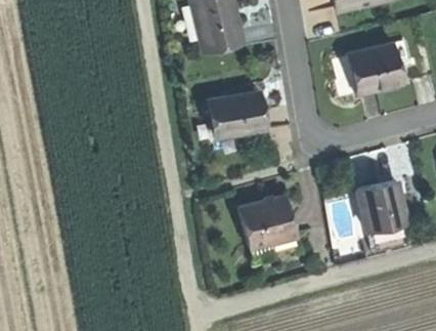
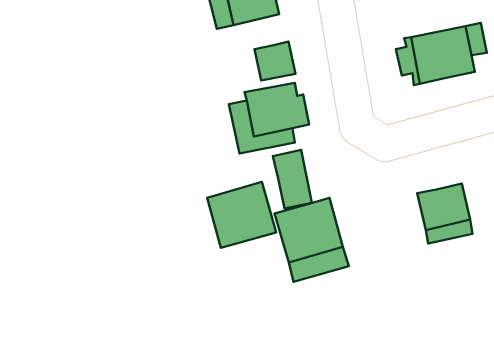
building: none -> [254,41,295,80]
building: none -> [273,150,312,208]
building: none -> [207,182,276,248]

